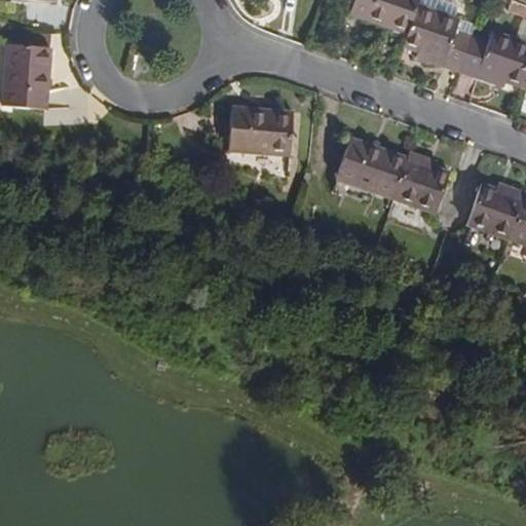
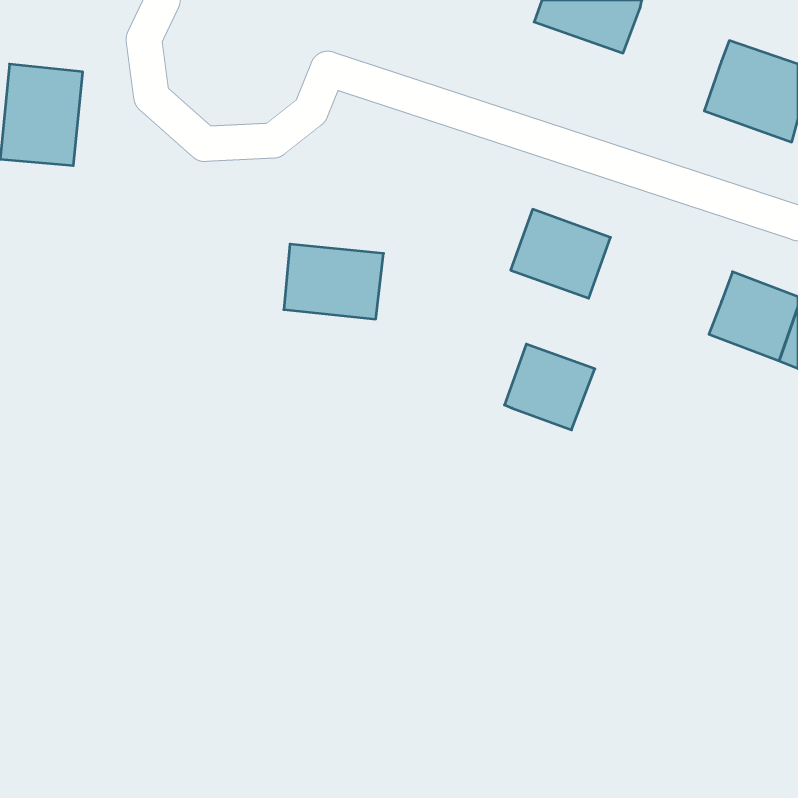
building: [407,5,475,73] -> none
building: [228,107,294,156] -> [284,244,384,319]
building: [387,156,447,213] -> [504,344,595,430]

